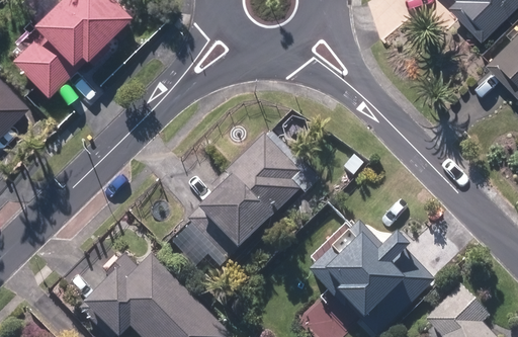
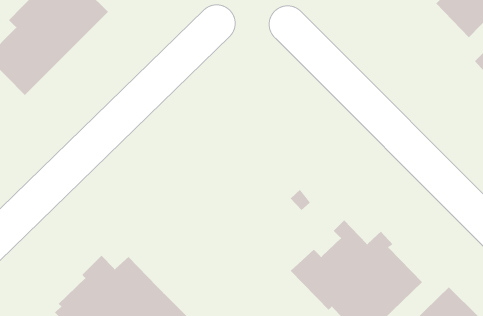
building: [186,133,300,260] -> none

